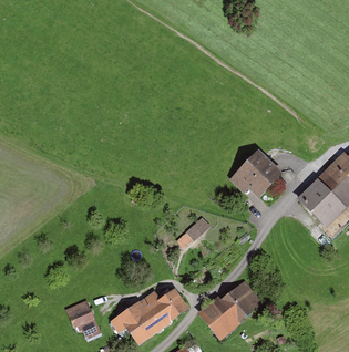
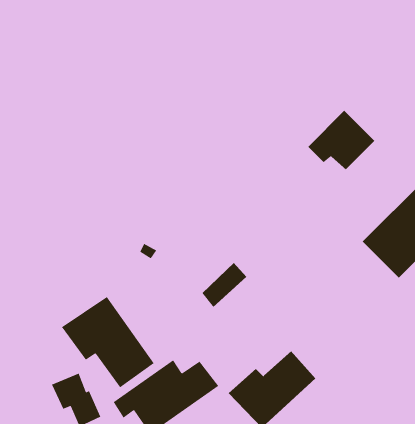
building: [230,151,281,196] -> [307,110,375,170]
building: none -> [61,296,154,388]

